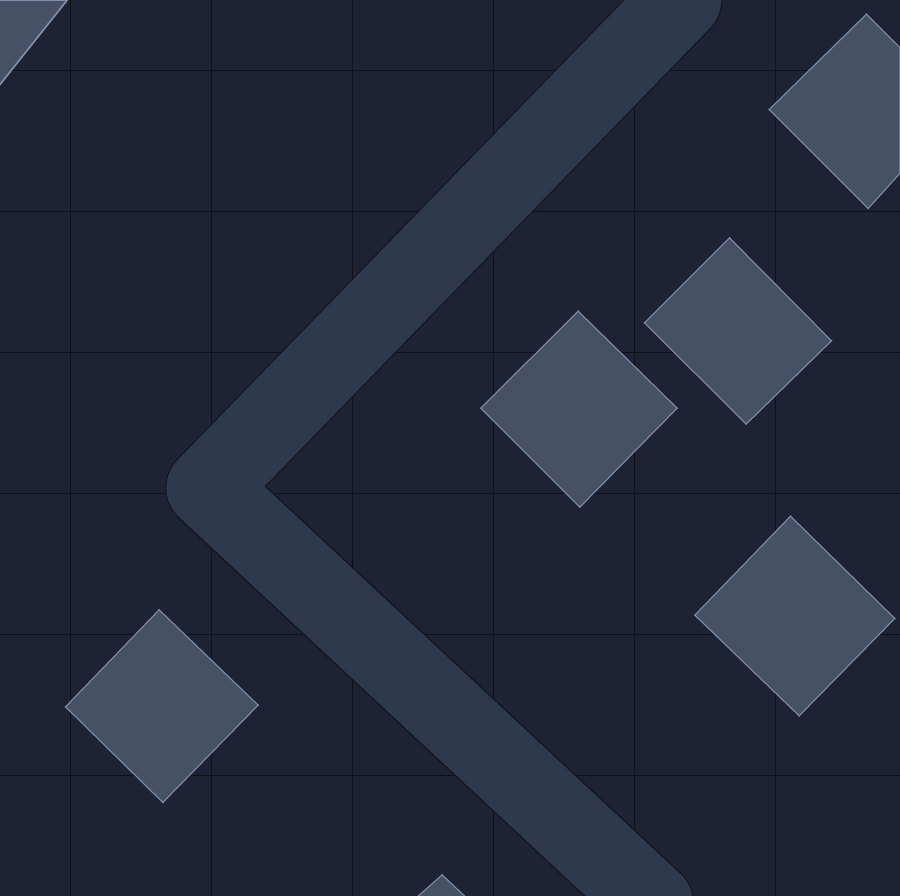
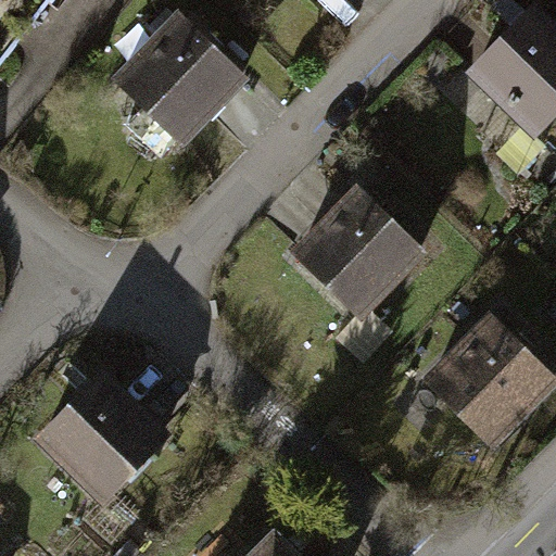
building: none -> [118,22,237,140]
building: [645,238,831,424] -> none

